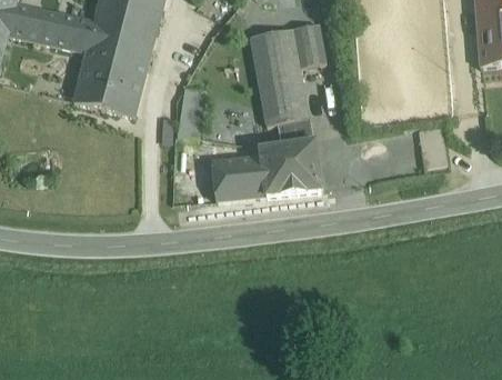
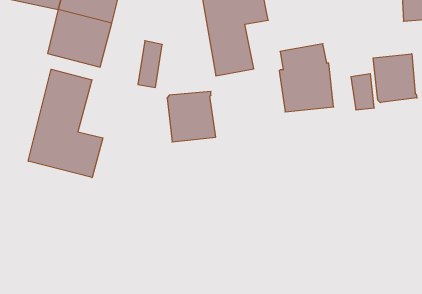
building: none -> [373,54,417,103]
building: [259,118,321,196] -> [279,44,334,112]
building: none -> [28,69,103,178]

